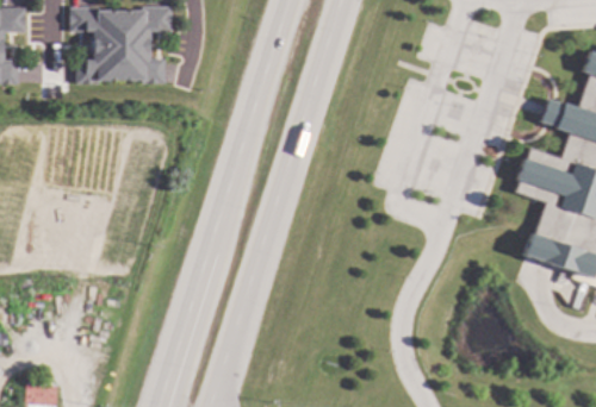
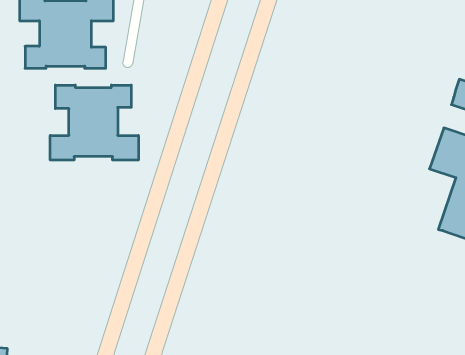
building: none -> [50,85,138,160]

